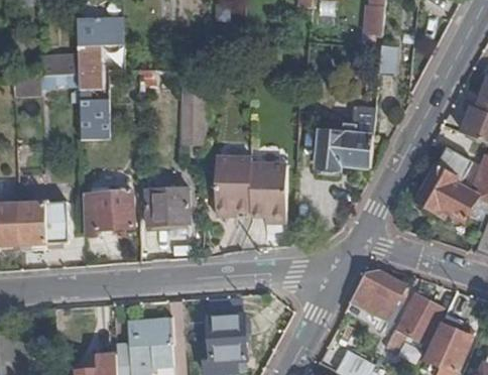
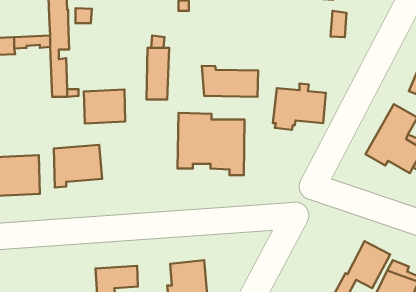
building: [39,52,79,75] -> none
building: none -> [202,66,258,97]
building: [145,188,190,224] -> [84,90,125,123]
building: [345,269,404,329] -> none

